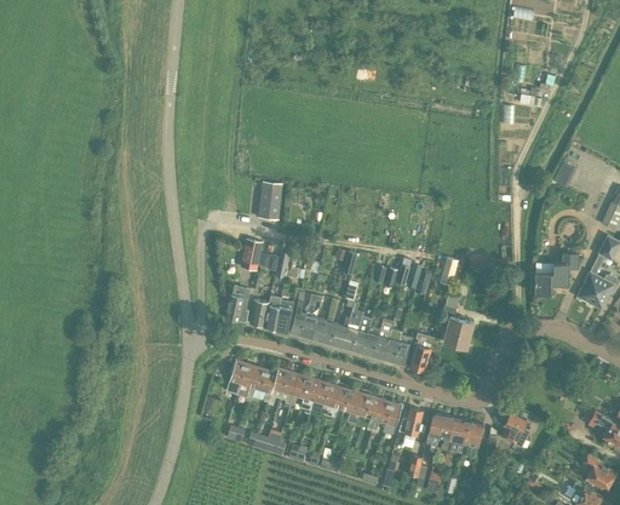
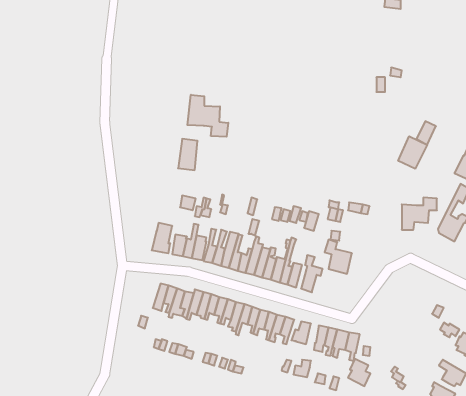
building: none -> [187,95,228,137]
building: none -> [398,136,427,169]
building: [240,239,263,271] -> none
building: [501,413,529,447] -> [348,359,370,386]

